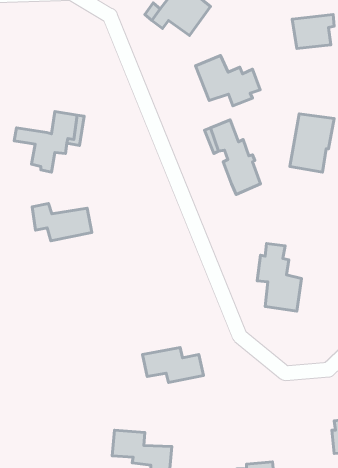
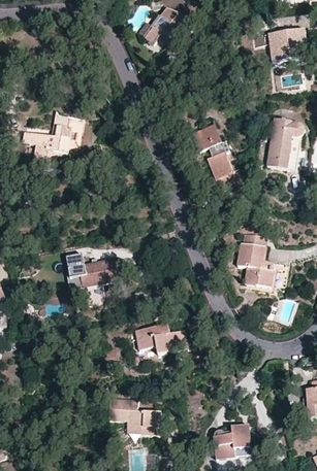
building: [195,56,260,106] -> none
building: [32,203,92,241] -> [66,253,119,285]

